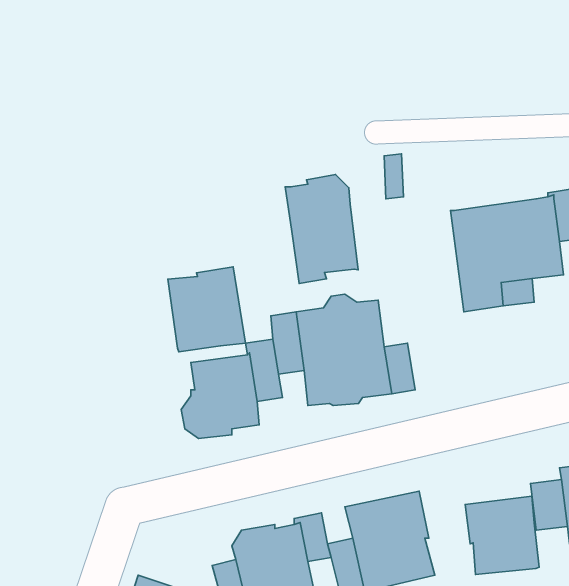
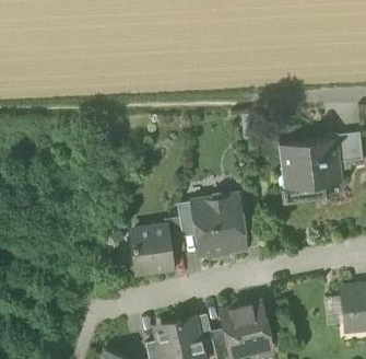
building: [285,175,358,283] -> none
building: [168,267,245,352] -> none
building: [465,496,539,575] -> none

